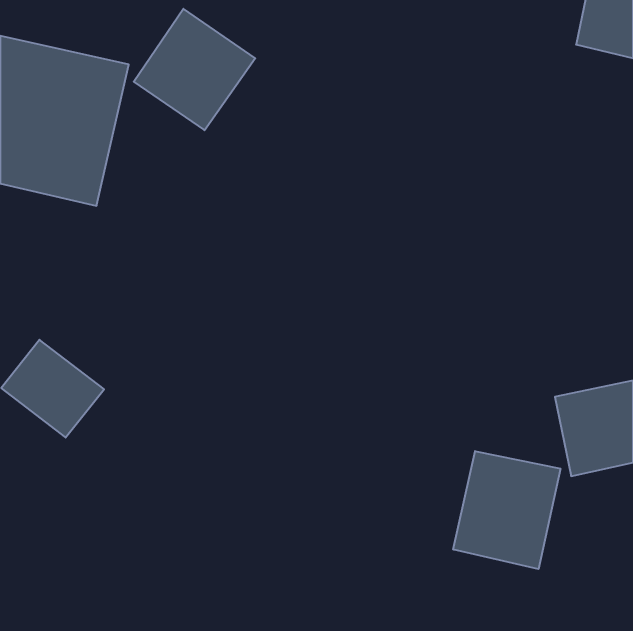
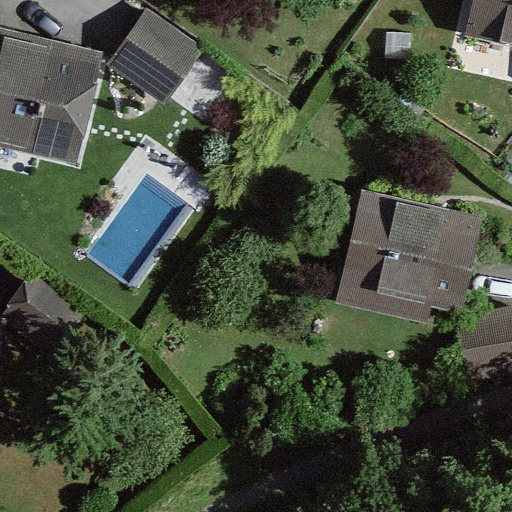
building: none -> [335,189,484,323]
building: [453,451,560,569] -> none

